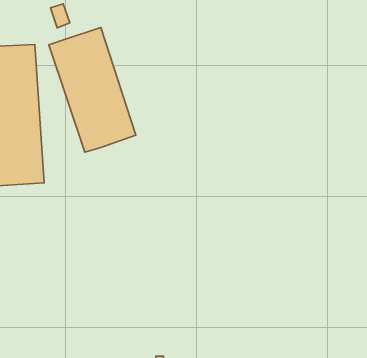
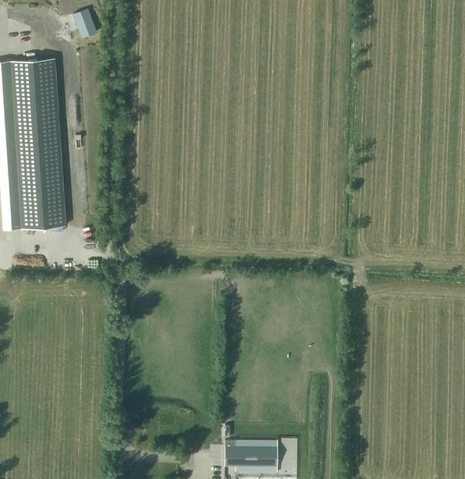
building: [49,28,136,152] -> none

